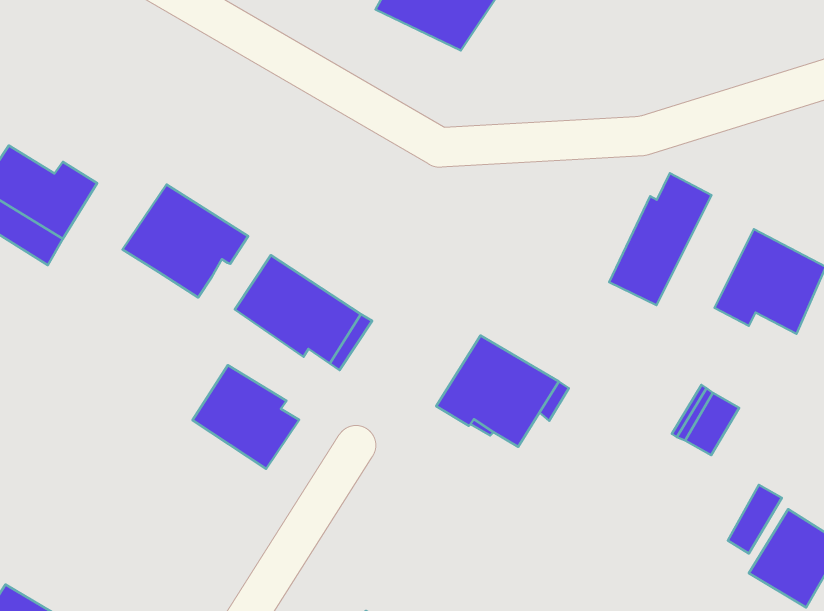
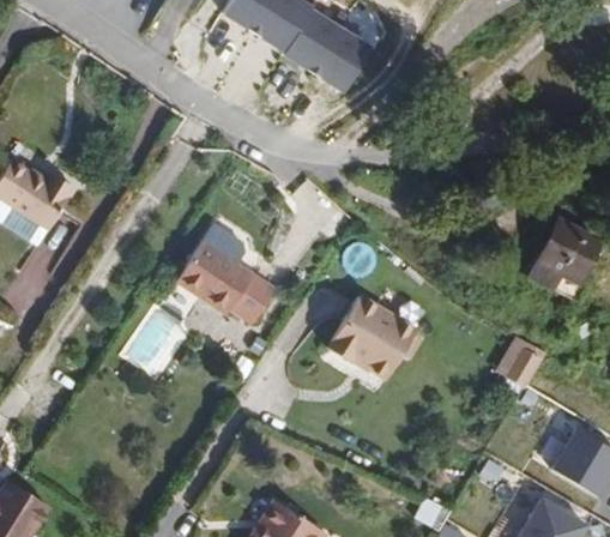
building: [609,173,712,305] -> none
building: [123,185,248,297] -> none
building: [192,365,299,469] -> none

